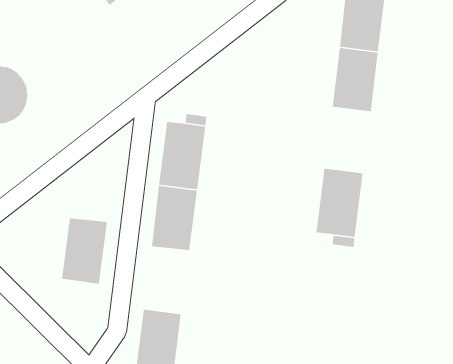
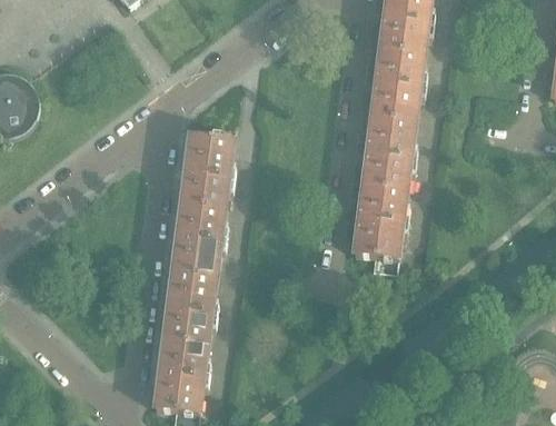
building: none -> [364,119,416,191]
building: [61,217,108,284] -> [166,273,217,346]

